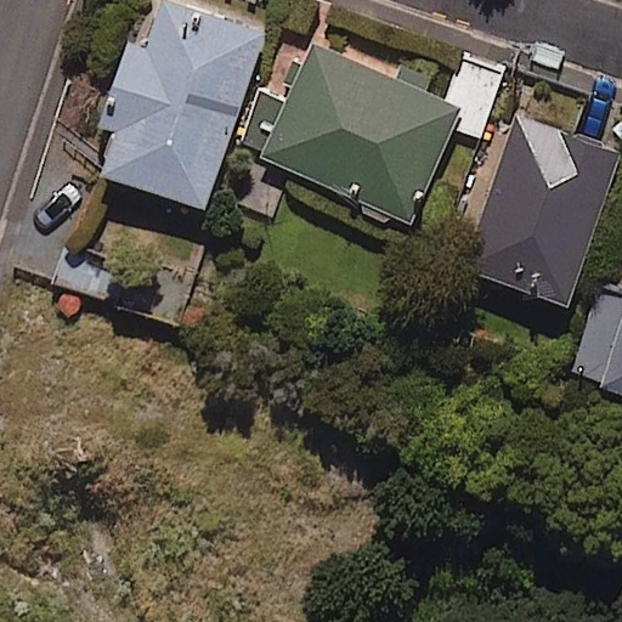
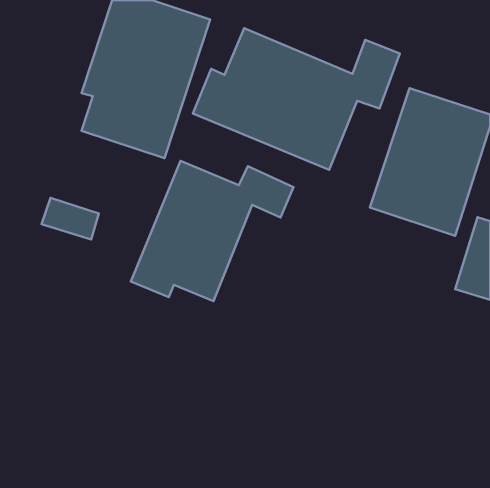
building: none -> [131,161,293,301]

